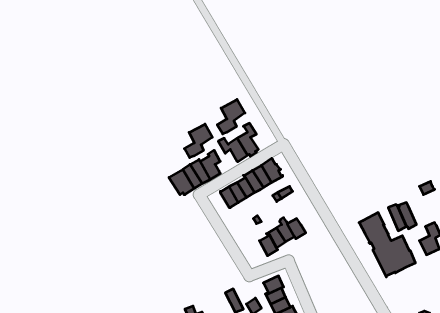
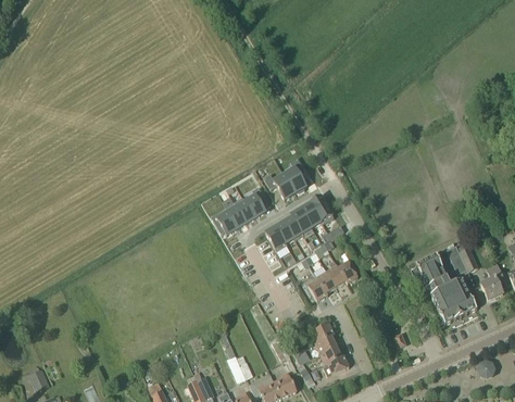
building: [217,99,245,134] -> none
building: [184,124,212,158] -> none

